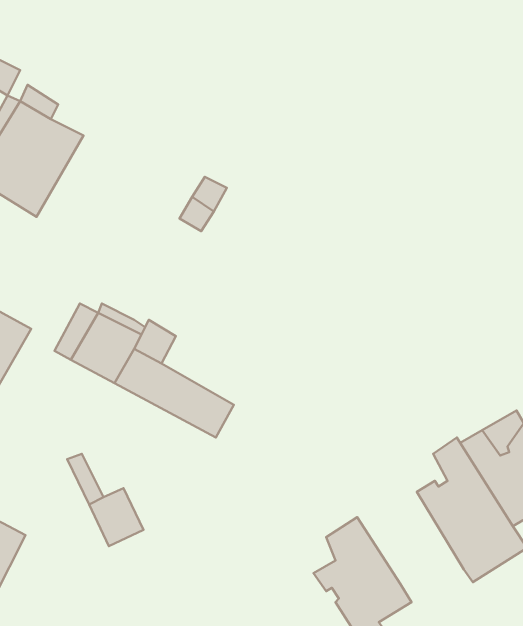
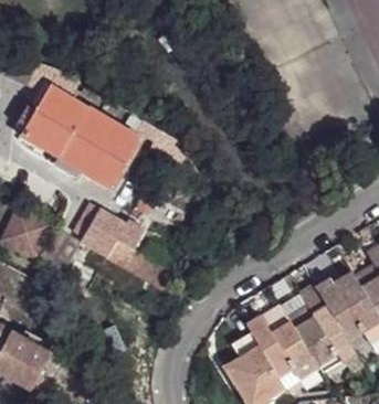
building: none -> [55,104,137,183]
building: none -> [246,316,316,381]

